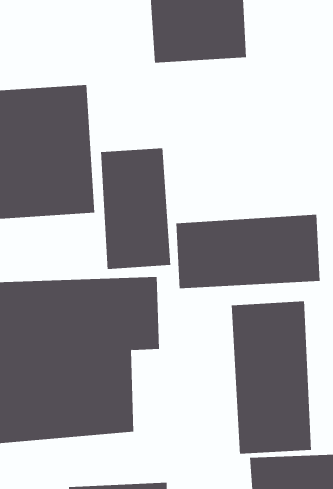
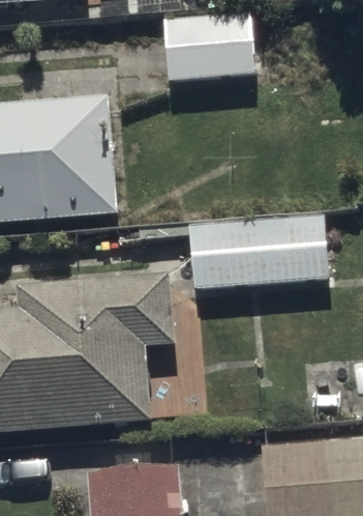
building: [101,147,171,270] -> none
building: [231,300,312,455] -> none

